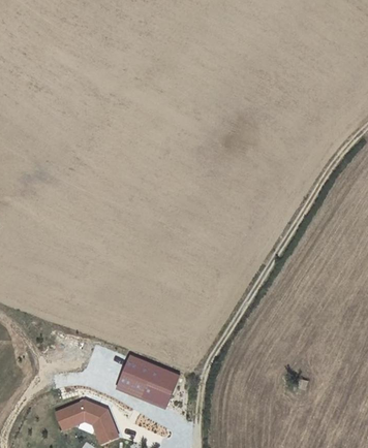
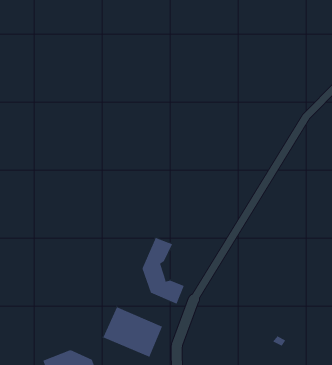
building: none -> [142,237,184,304]

